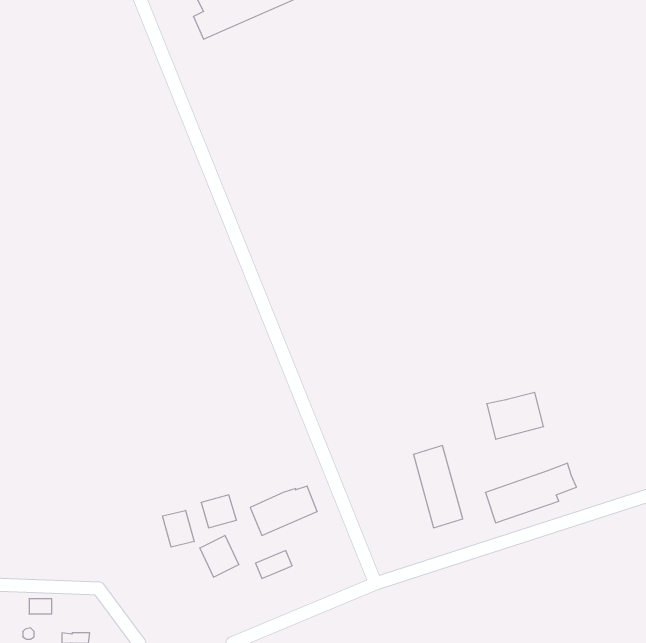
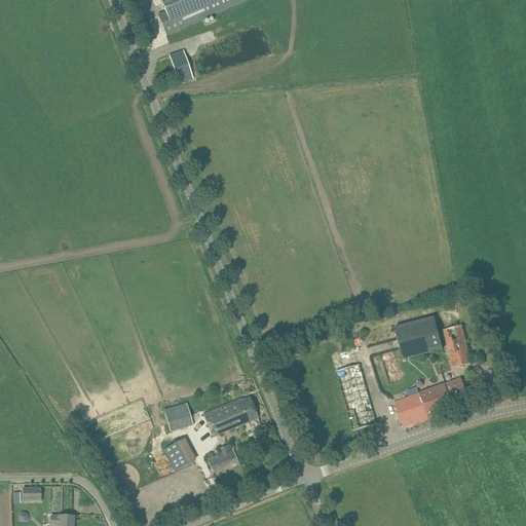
building: none -> [168,48,192,80]
building: none -> [443,323,471,365]
building: [163,510,194,547] -> none

